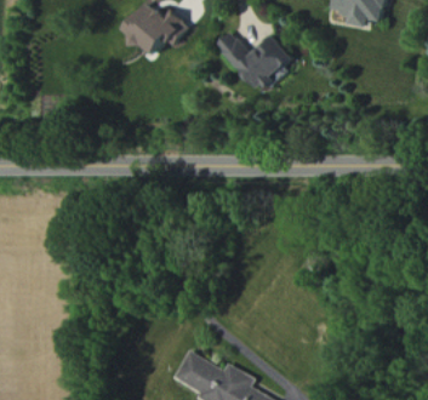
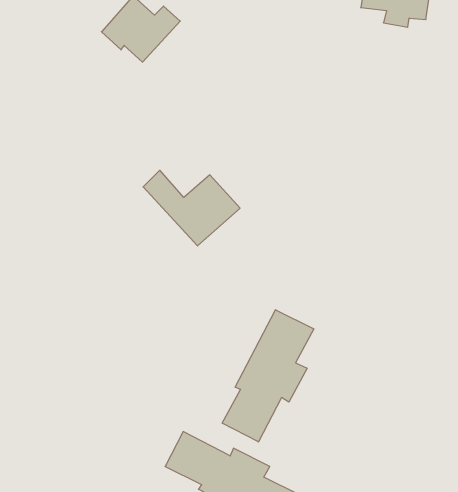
building: [216,30,293,91] -> [143,170,240,246]
building: none -> [222,310,314,442]

